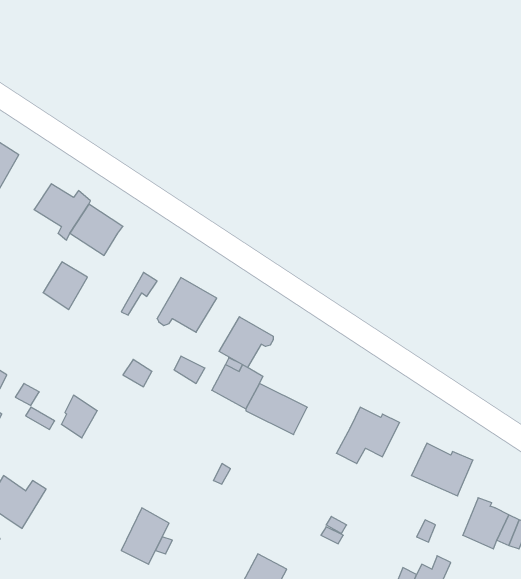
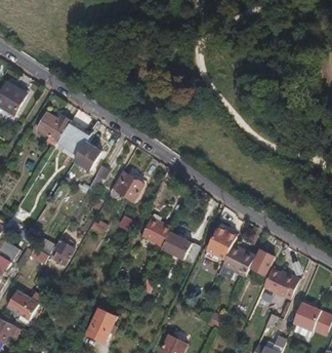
building: [43,262,87,310] -> [75,142,101,170]
building: [219,317,273,367] -> none
building: none -> [207,226,238,259]
building: none -> [251,249,274,282]

